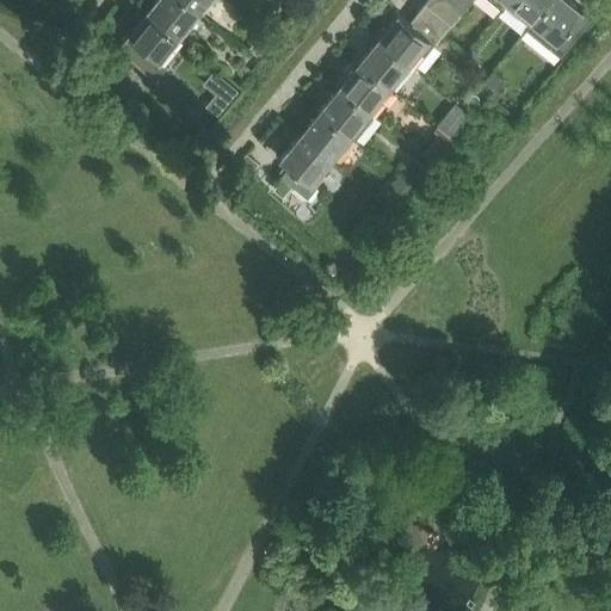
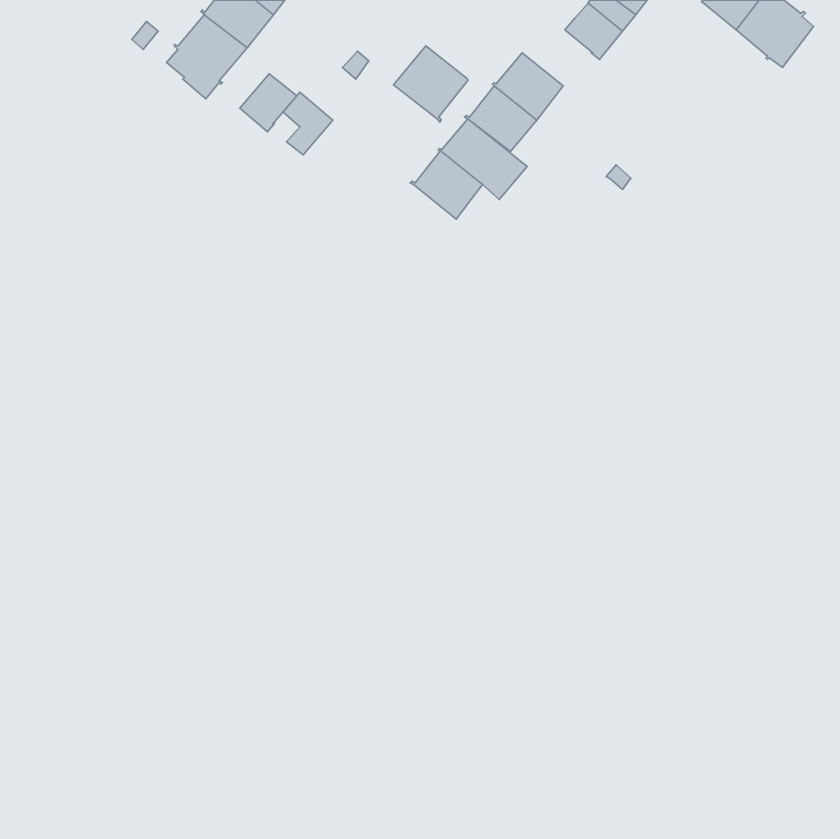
building: [377,13,431,64] -> none
building: none -> [394,46,468,122]
building: none -> [240,74,297,132]
building: [279,136,332,200] -> none

